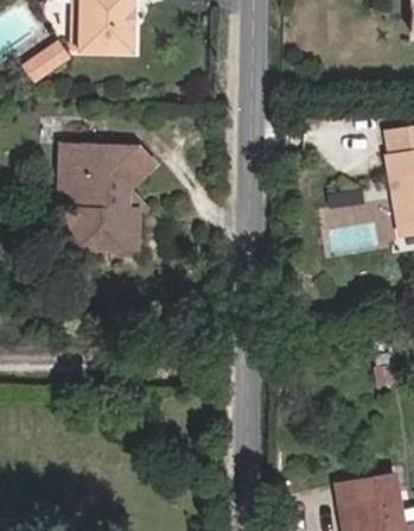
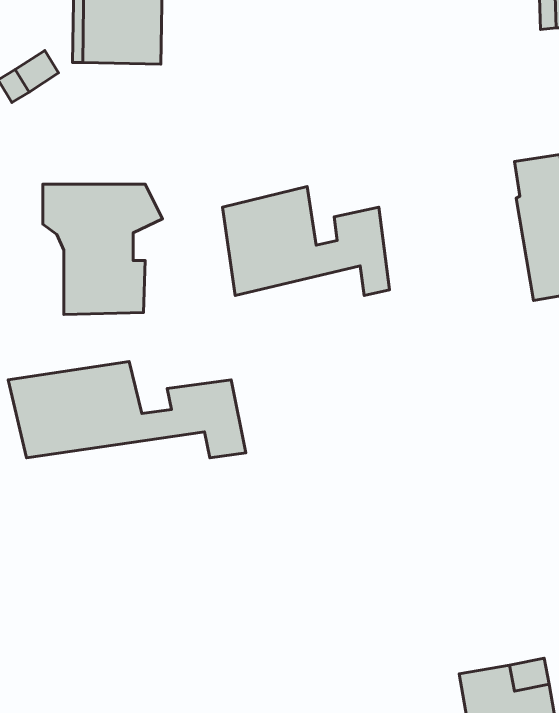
building: none -> [222,186,389,296]
building: none -> [8,361,246,458]

